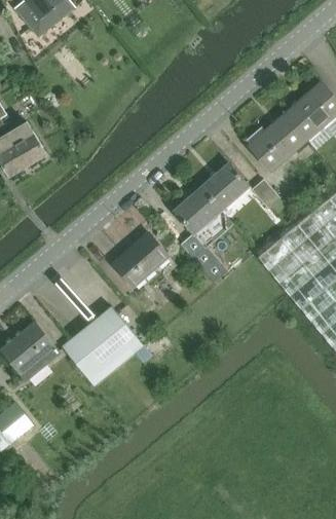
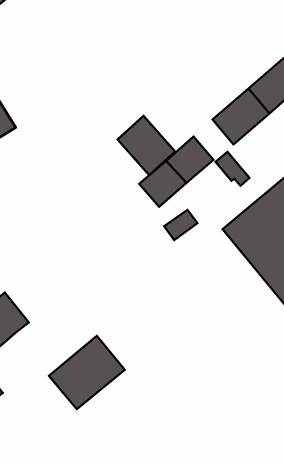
building: none -> [118,116,175,175]
building: [113,233,170,288] -> none
building: [63,307,141,382] -> [49,336,125,409]

